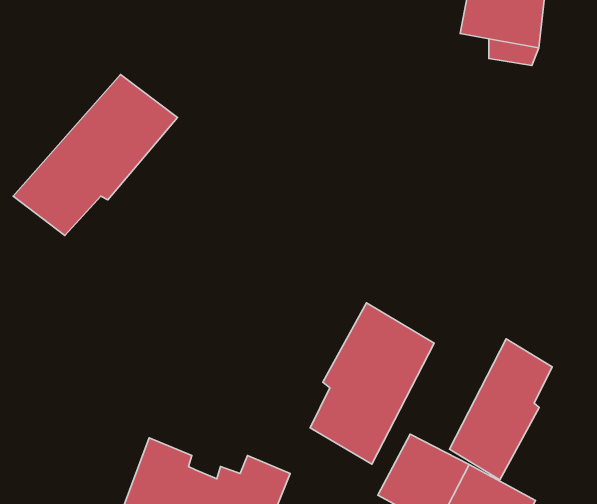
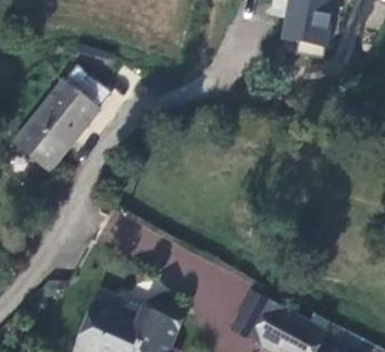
building: [310,303,434,464] -> none
building: [449,339,552,480] -> none

